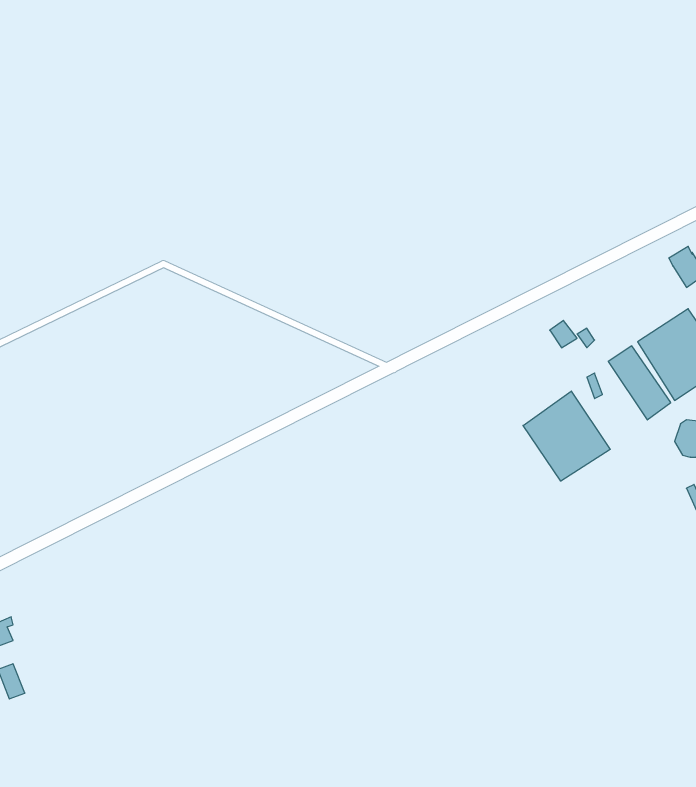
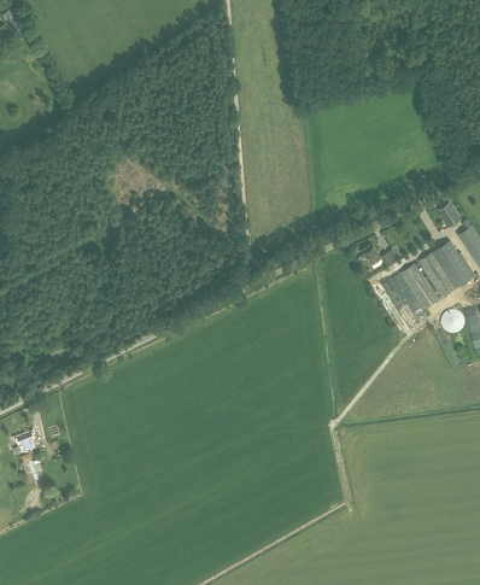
building: [523,391,610,481] -> none

